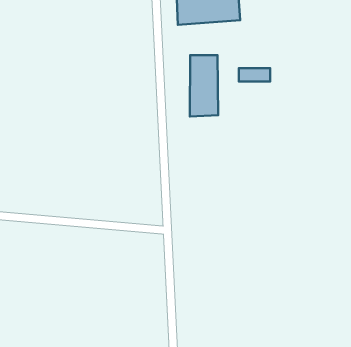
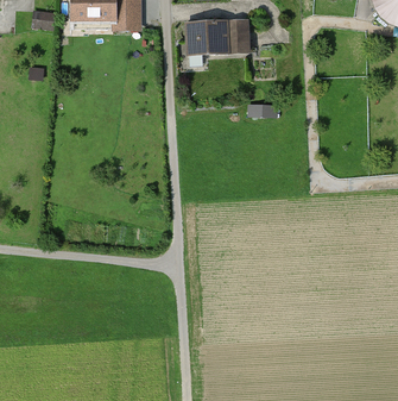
building: [190,55,218,116] -> none

